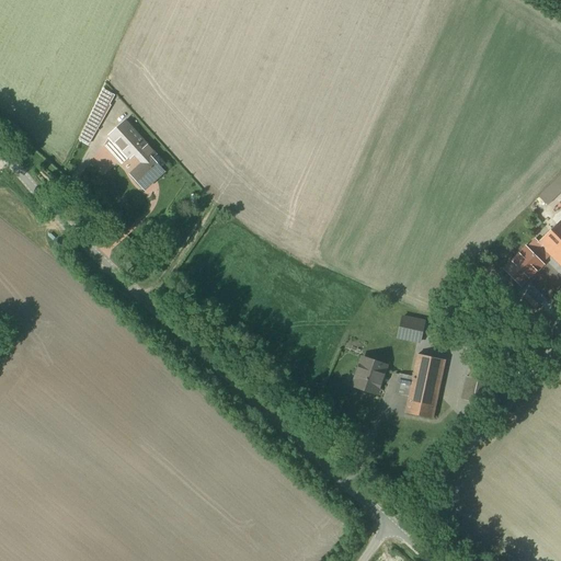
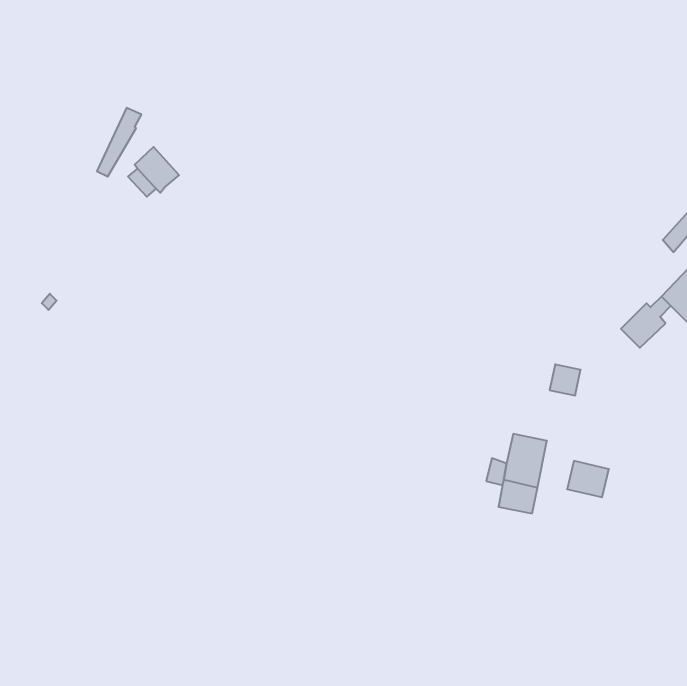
building: [133,142,165,187] -> none
building: [399,317,424,342] -> [550,364,581,395]
building: [355,356,387,391] -> none

